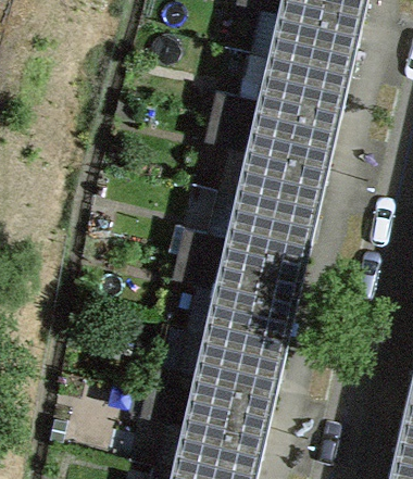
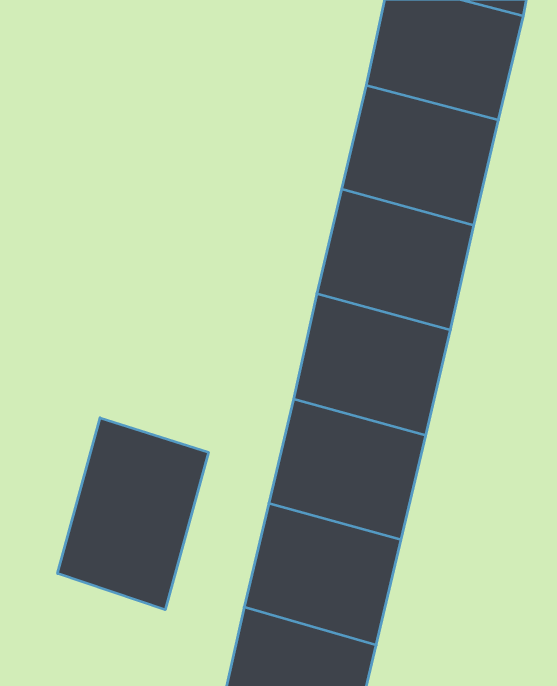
building: none -> [58,418,208,610]

